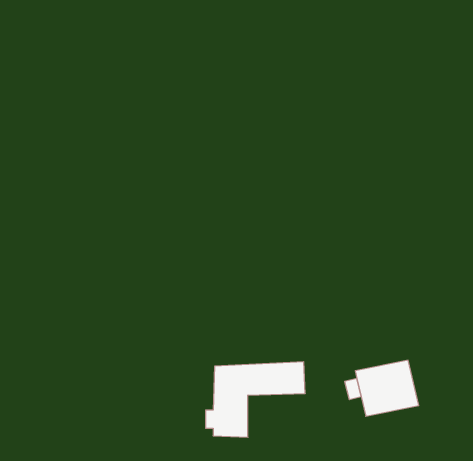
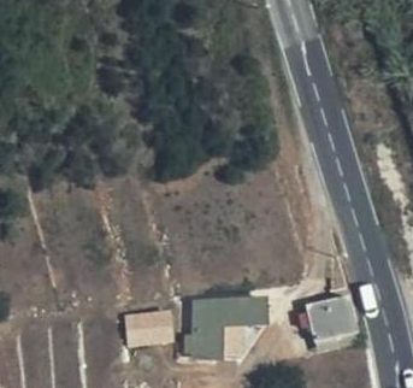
building: none -> [129,311,173,346]

